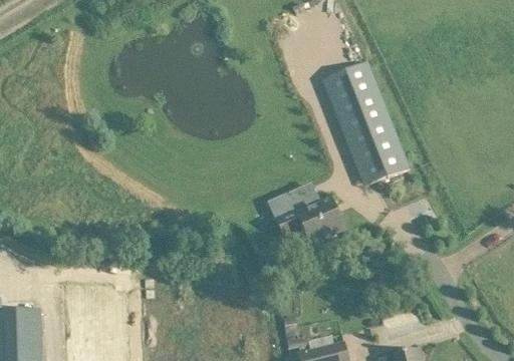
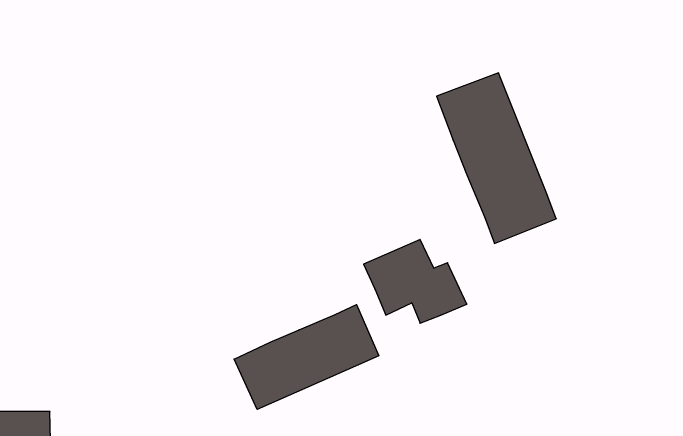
building: none -> [234,305,379,409]

